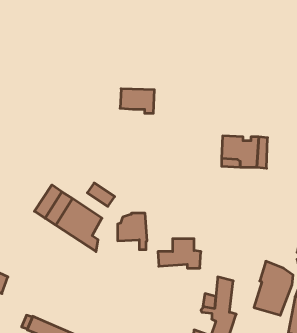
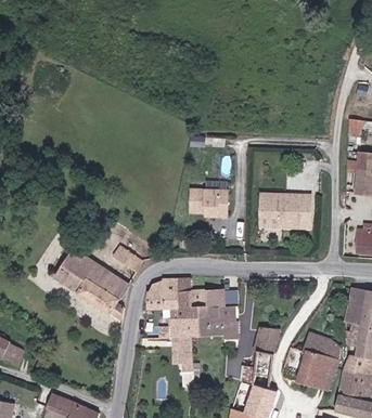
building: [120,89,154,113] -> [190,190,228,217]
building: none -> [169,278,222,362]
building: none -> [254,326,280,353]

